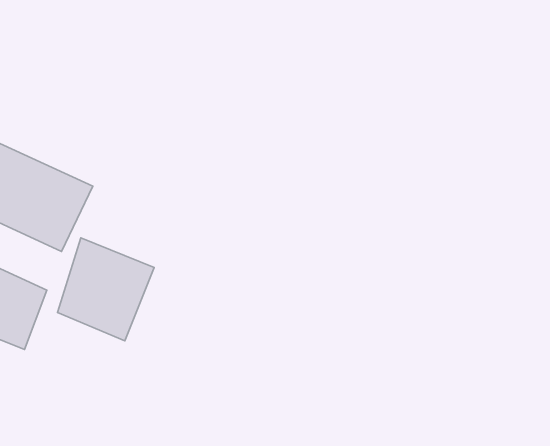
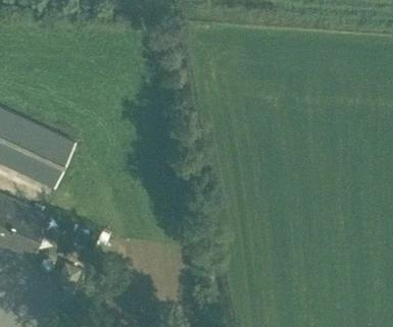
building: [57,238,154,341] -> none

